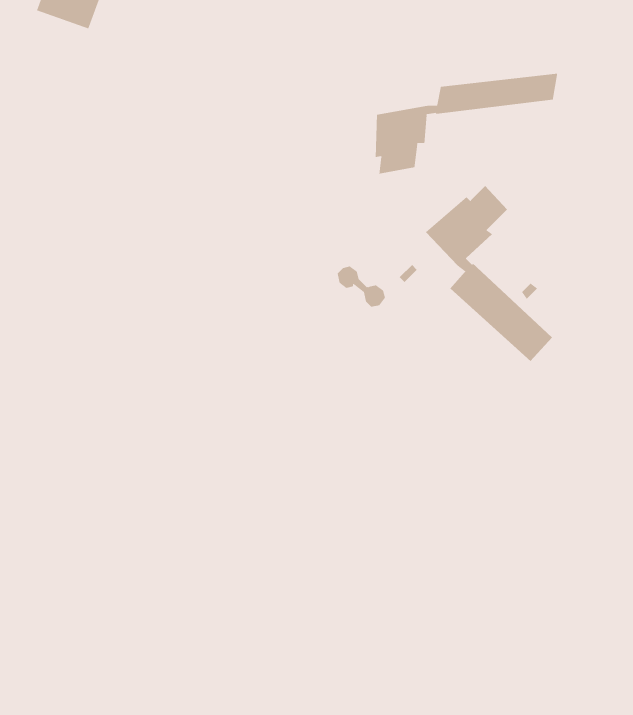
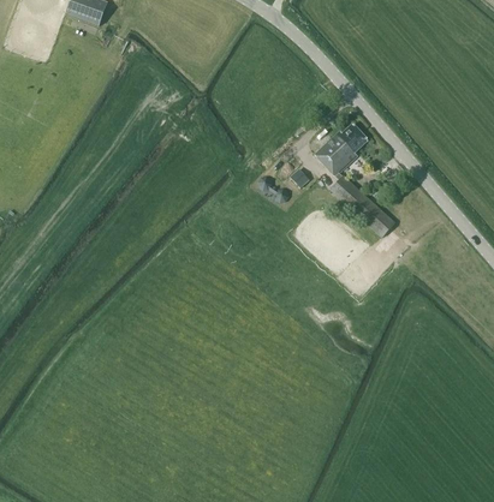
building: [375,73,558,174] -> none

